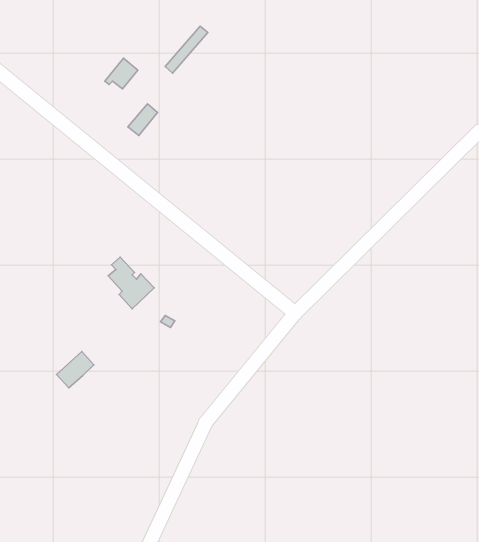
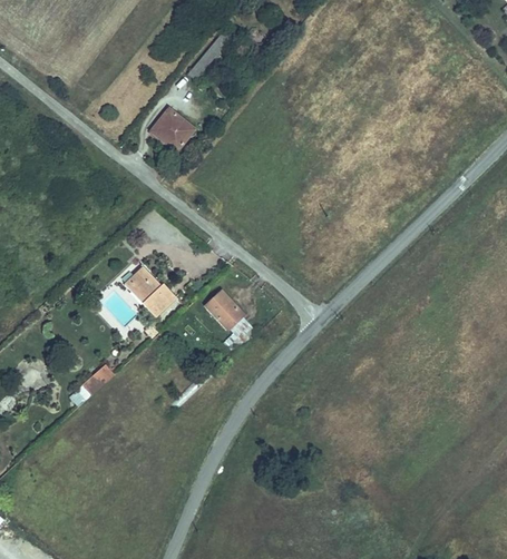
building: [105,58,138,89] -> [159,118,193,149]
building: none -> [205,293,244,333]

